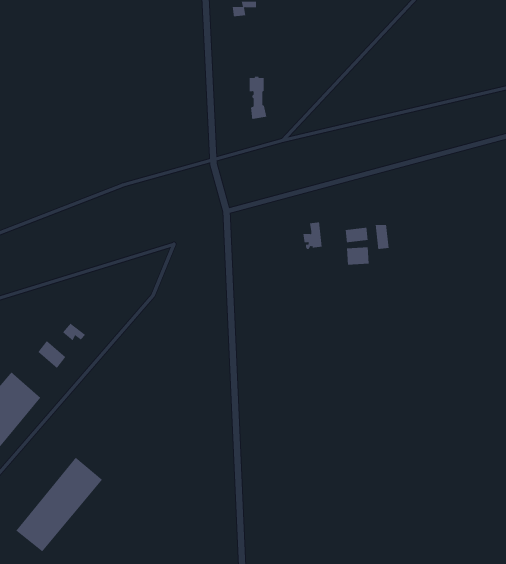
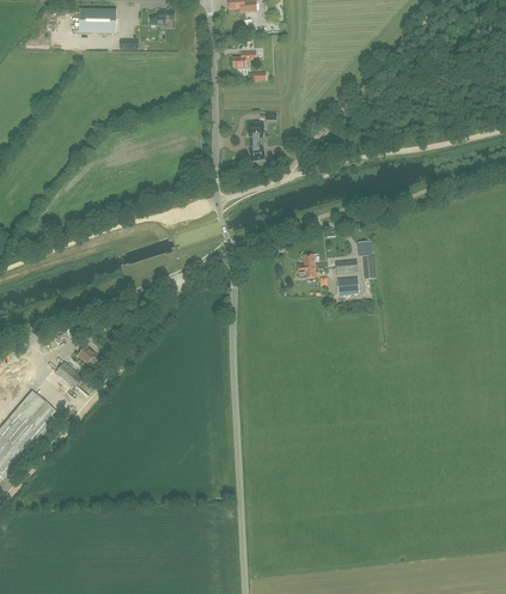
building: [15,457,103,552] -> none

